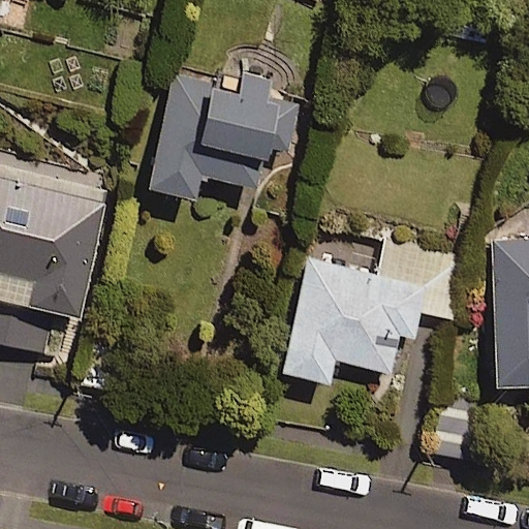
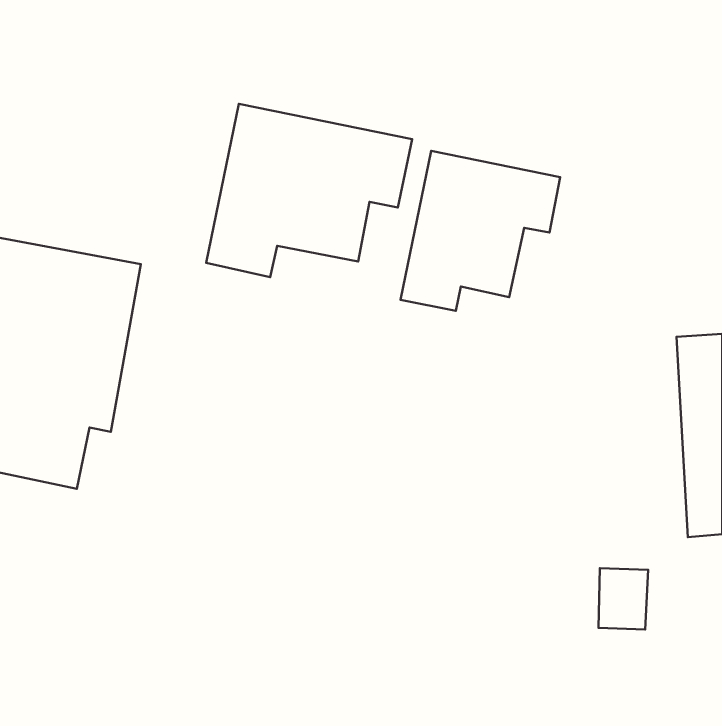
building: none -> [401,151,560,311]
building: [281,241,464,384] -> none

